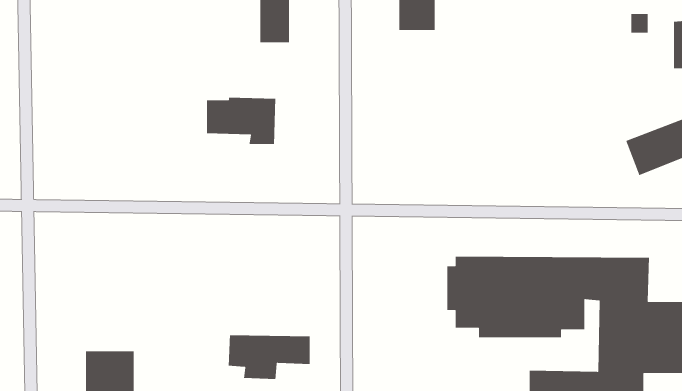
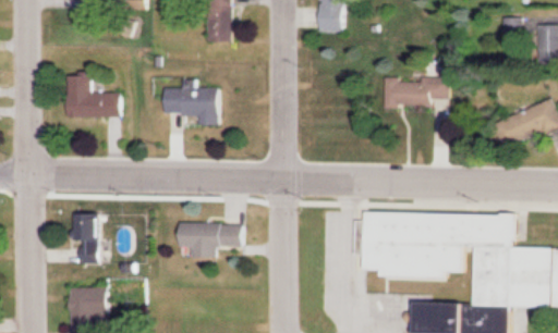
building: none -> [66,75,122,118]
building: none -> [383,79,440,106]
building: none -> [75,214,101,263]
building: [228,335,310,380] -> [179,222,244,258]

